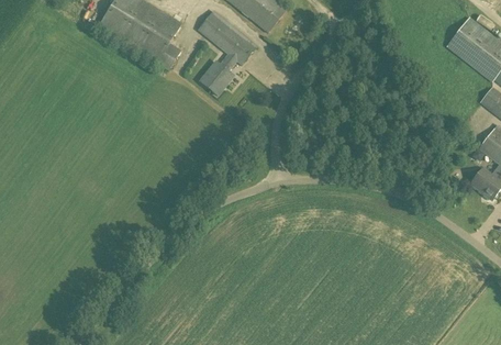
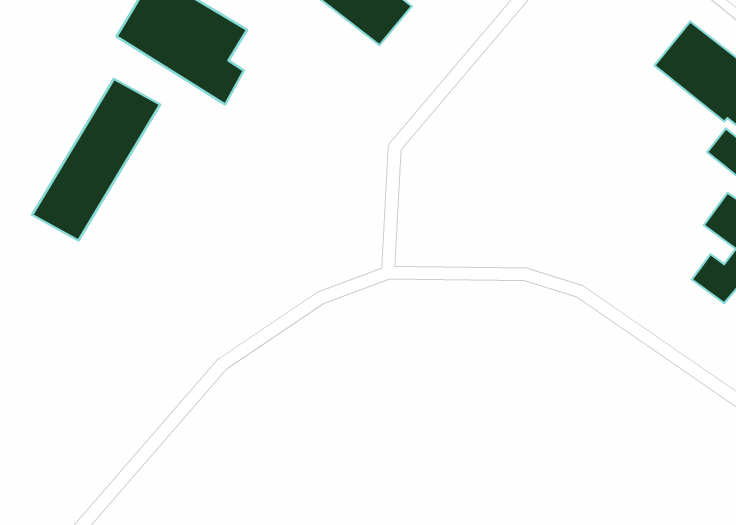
building: [198,10,258,96] -> none
building: none -> [32,79,160,241]

